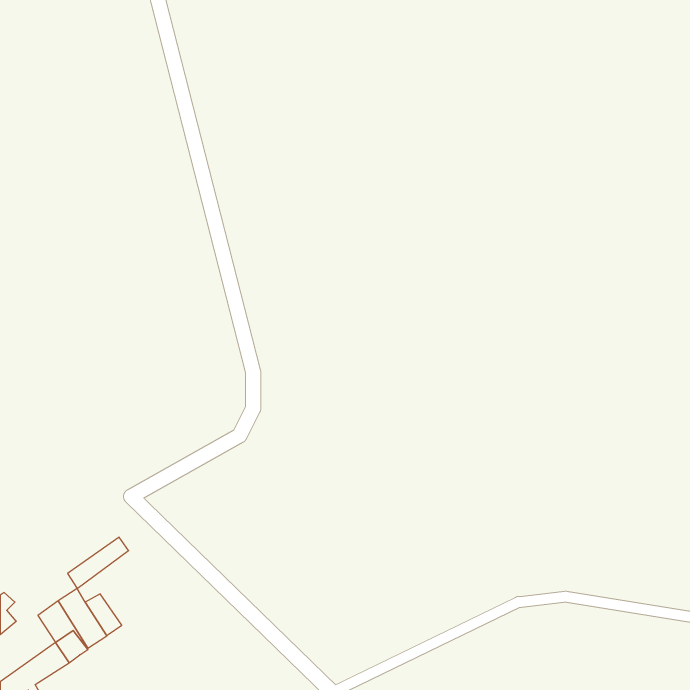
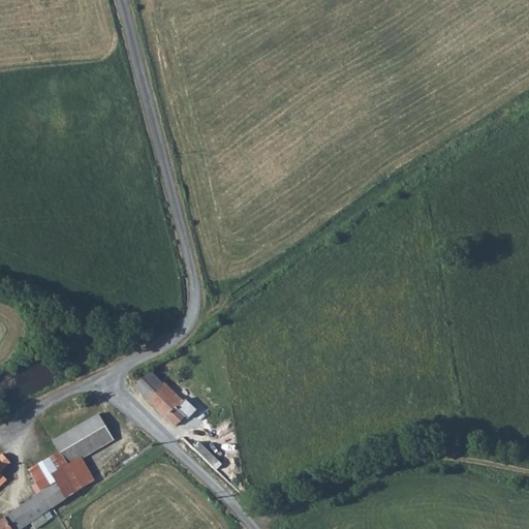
building: none -> [138,374,188,429]
building: none -> [60,422,108,461]

